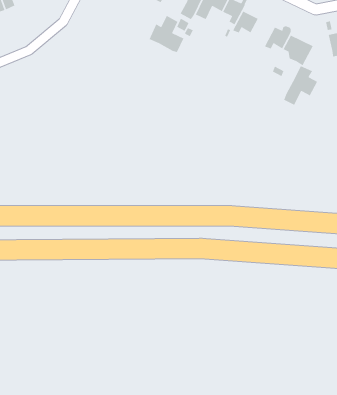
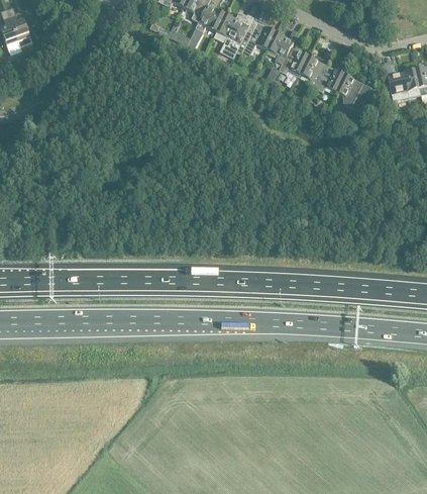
building: [149,15,185,53] -> none
building: none -> [301,56,328,88]
building: [283,65,318,106] -> none

